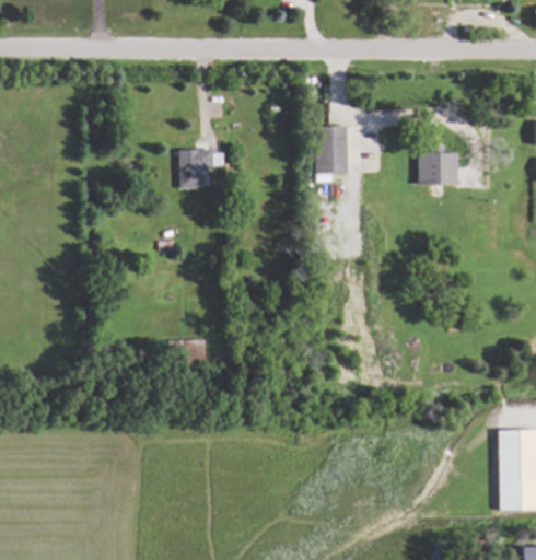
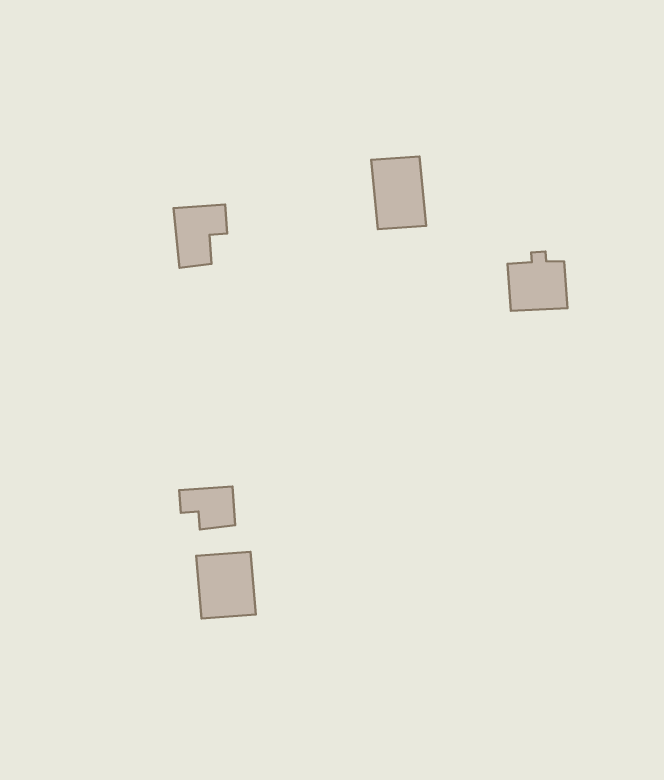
building: [419,145,457,185] -> [508,251,567,311]
building: none -> [196,552,256,618]

